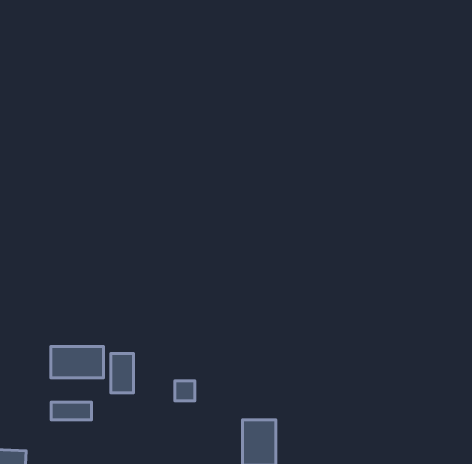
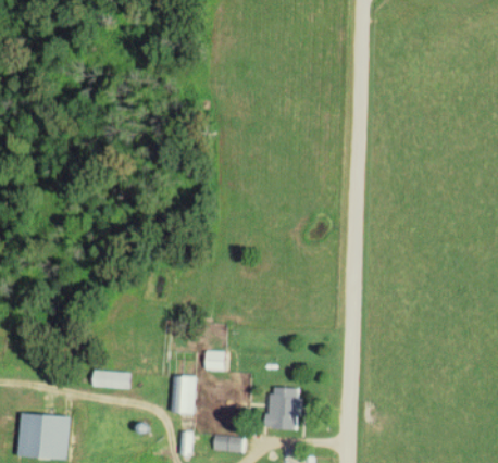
building: [51,346,103,378] -> none
building: [111,353,134,393] -> [173,377,194,413]

